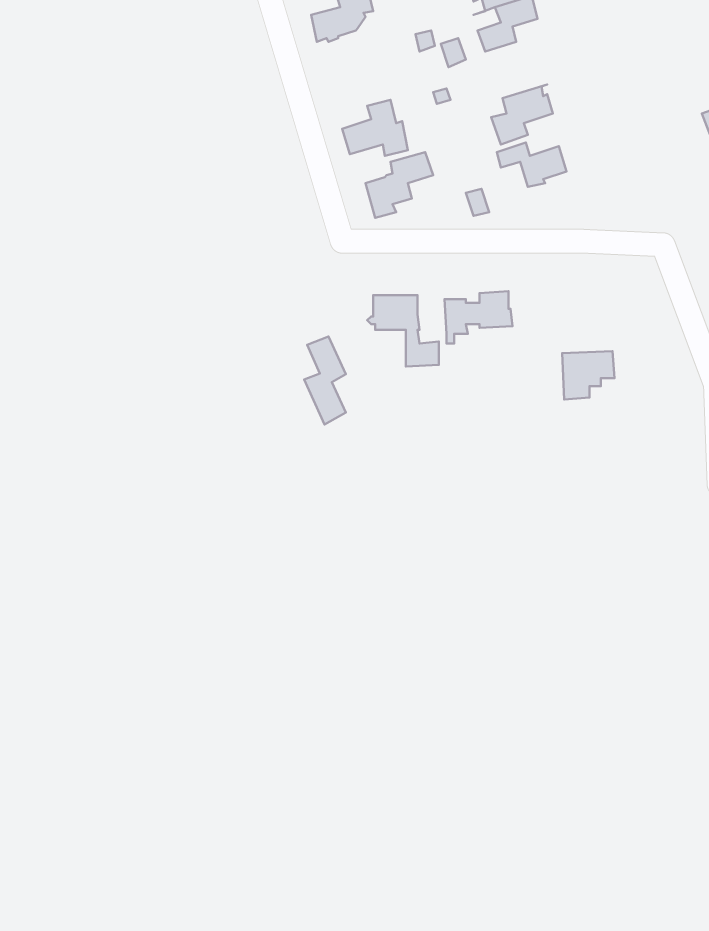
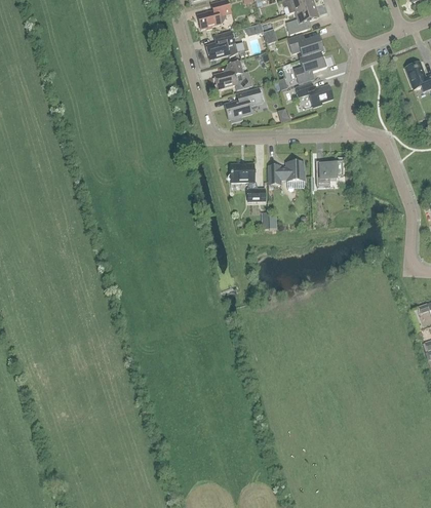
building: none -> [205,29,237,57]
building: none -> [287,33,322,57]
building: [304,336,346,424] -> none
building: [562,351,615,400] -> [315,159,343,185]

